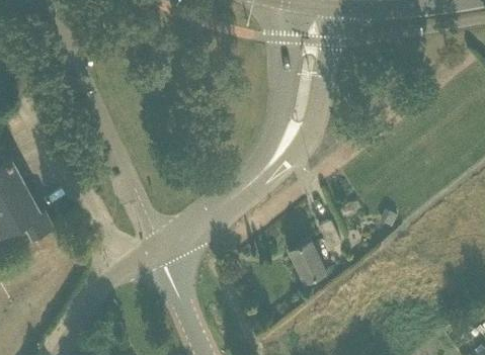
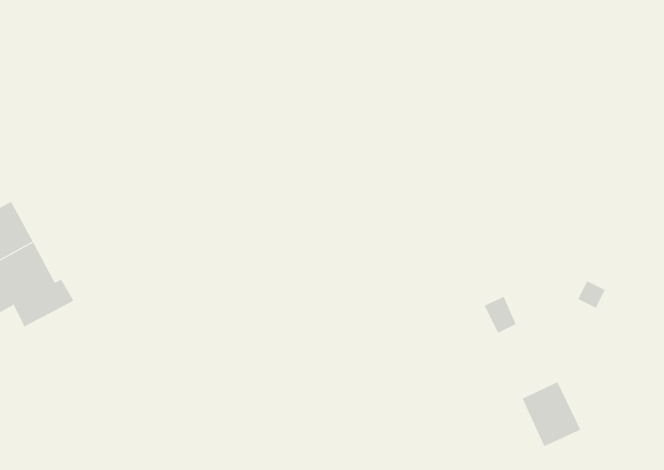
building: [290,244,328,286] -> [522,381,581,447]

